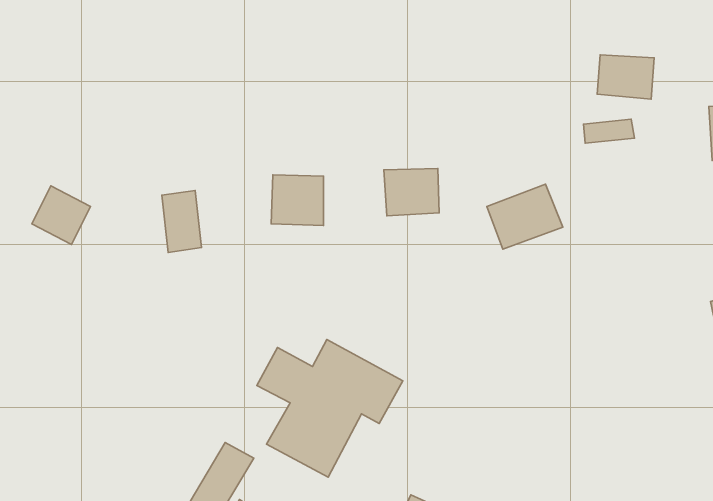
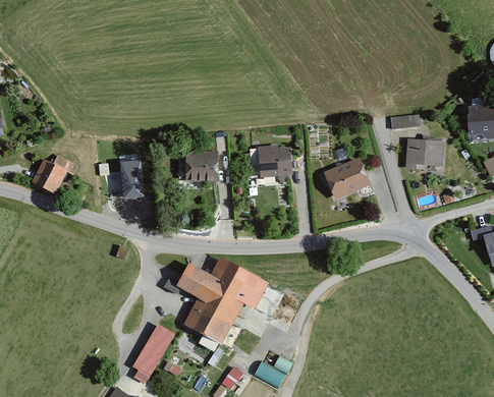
building: [597,55,654,99] -> [405,138,442,167]

